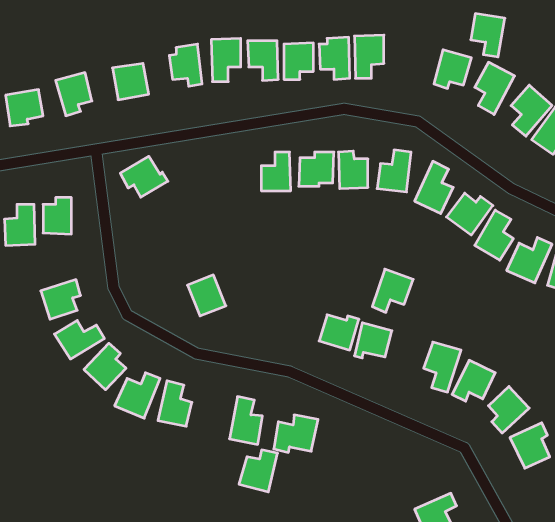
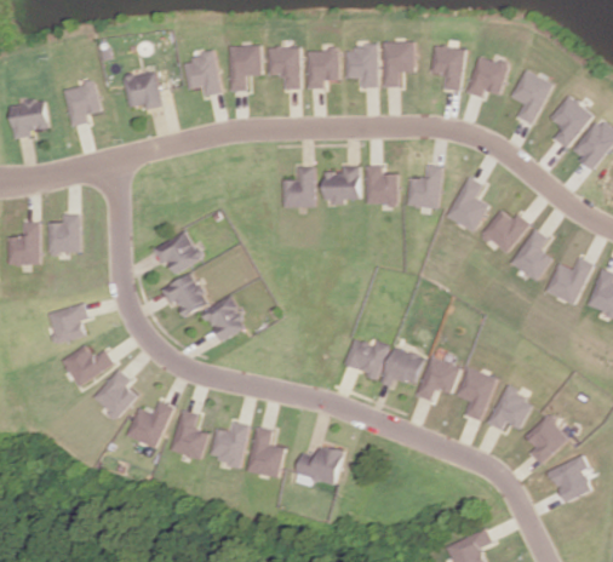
building: [471,14,505,57] -> [429,45,465,91]
building: [120,156,168,197] -> [154,231,205,275]
building: none -> [161,273,208,317]
building: [372,269,413,312] -> [416,356,459,402]
building: [239,450,278,492] -> [210,422,251,466]

